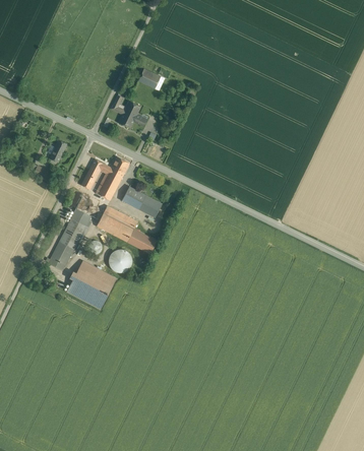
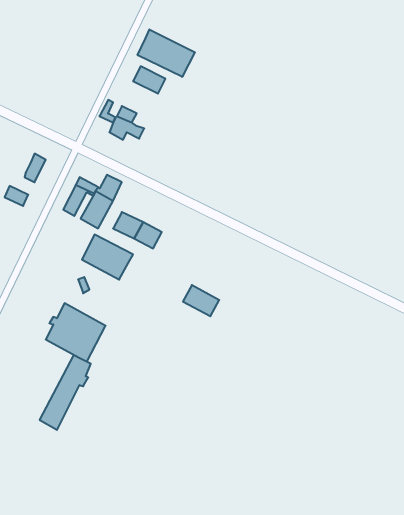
building: none -> [138,29,195,77]
building: [49,209,90,270] -> [40,355,91,430]
building: [127,229,157,254] -> [183,285,219,316]
building: [109,249,132,272] -> none

